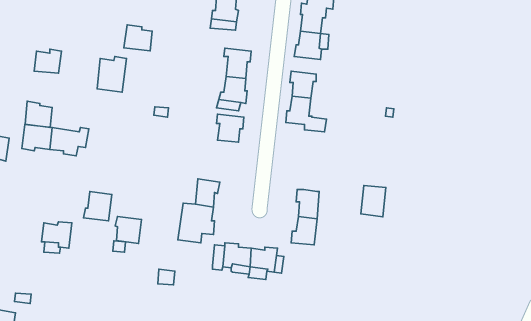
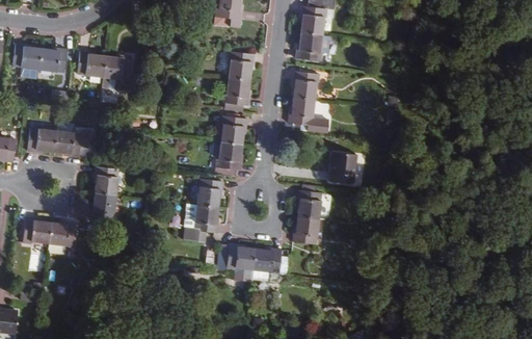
building: [124,25,152,51] -> [76,53,104,79]
building: [25,101,52,127] -> [14,46,41,72]
building: none -> [214,140,242,168]
building: [361,185,386,217] -> [331,151,356,182]
building: [115,216,141,244] -> [92,167,118,194]
building: none -> [21,216,48,242]

